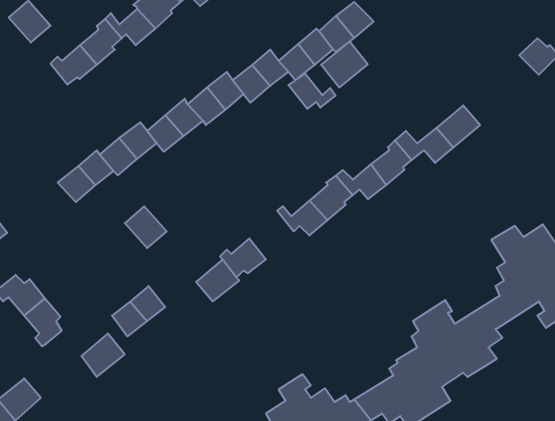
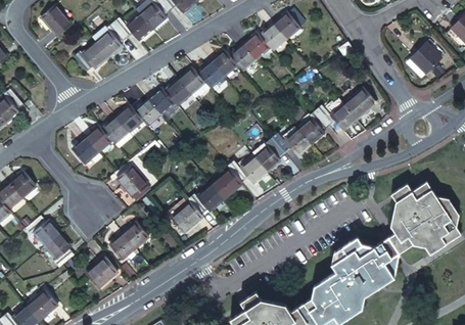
building: [321,42,368,87] -> none
building: [288,74,336,109] -> none
building: none -> [211,169,243,204]

